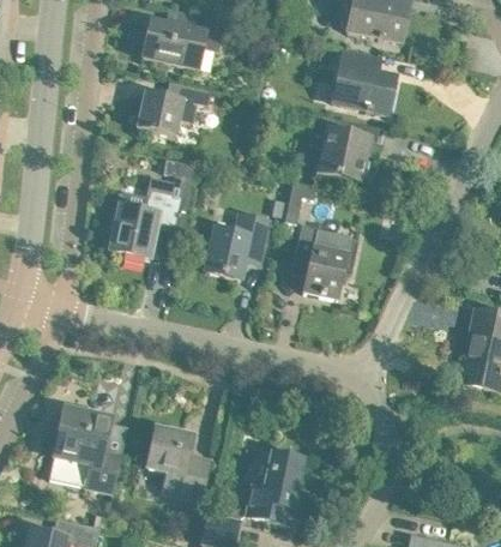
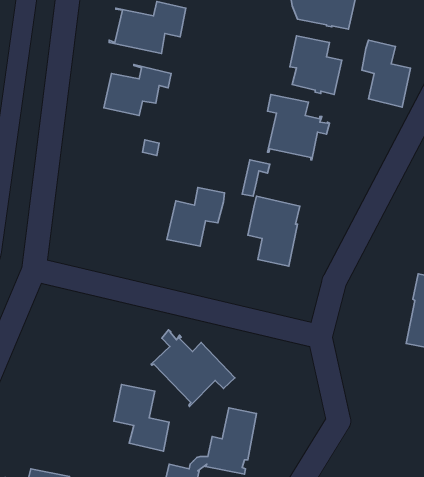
building: none -> [362,40,410,107]
building: [109,188,180,263] -> none
building: none -> [151,330,235,406]
building: [49,410,119,492] -> none

